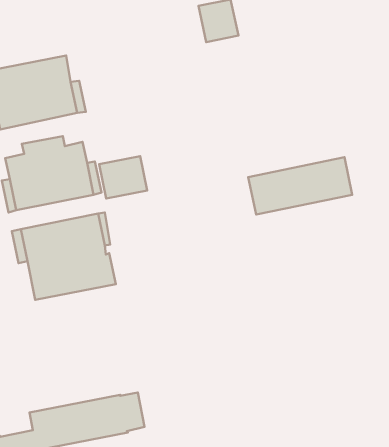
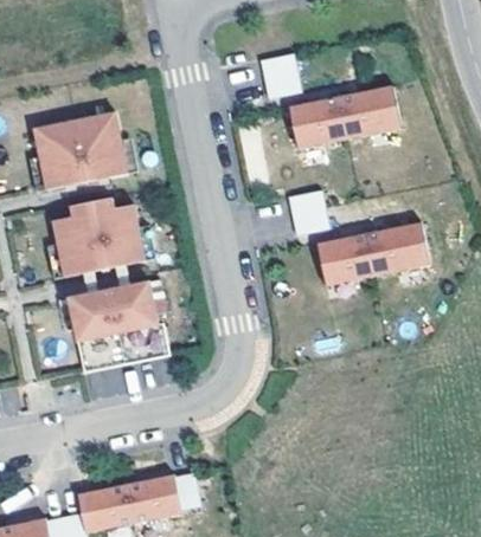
building: none -> [286,85,397,145]
building: none -> [287,187,329,233]
building: [99,156,147,199] -> none

